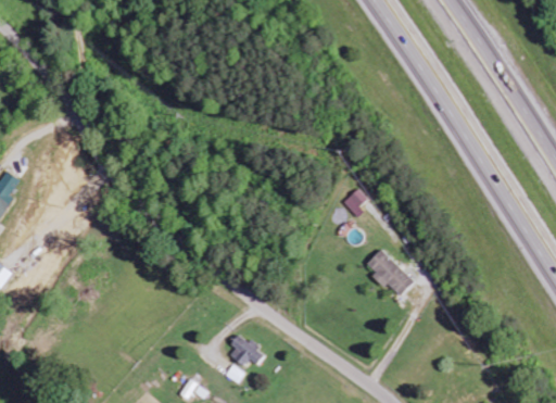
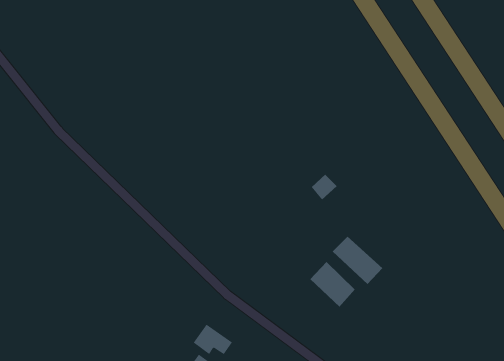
building: none -> [309,261,356,307]

